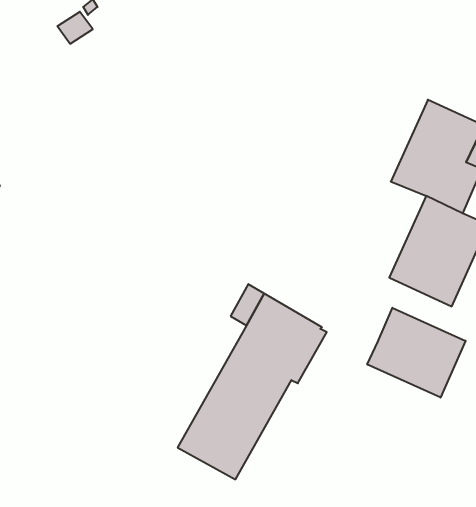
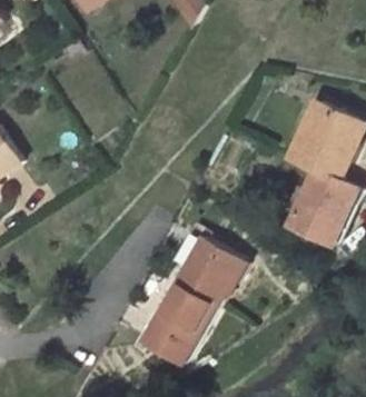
building: [367,308,466,398] -> none

